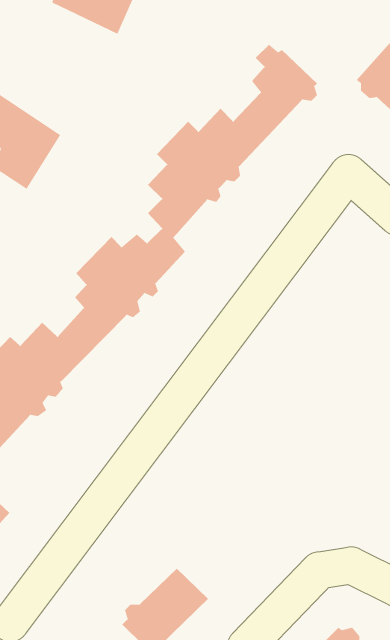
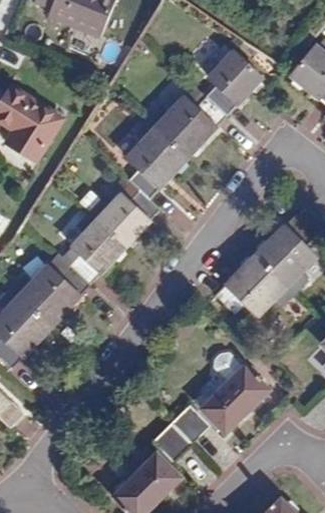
building: none -> [215,215,315,316]
building: none -> [199,354,265,434]
building: none -> [148,404,207,463]

